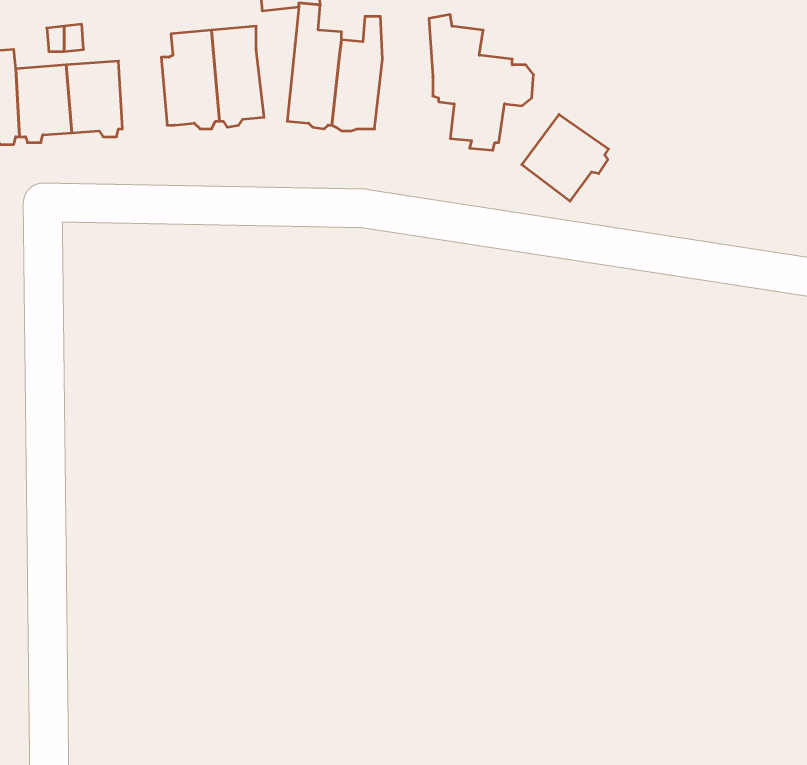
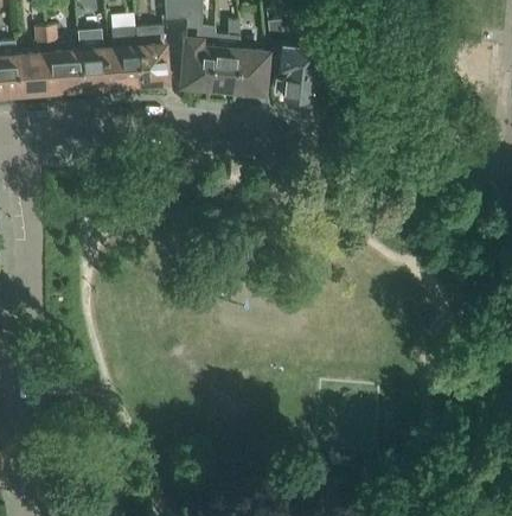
building: none -> [77,30,108,93]
building: none -> [235,46,267,94]
building: [522,114,609,201] -> none

